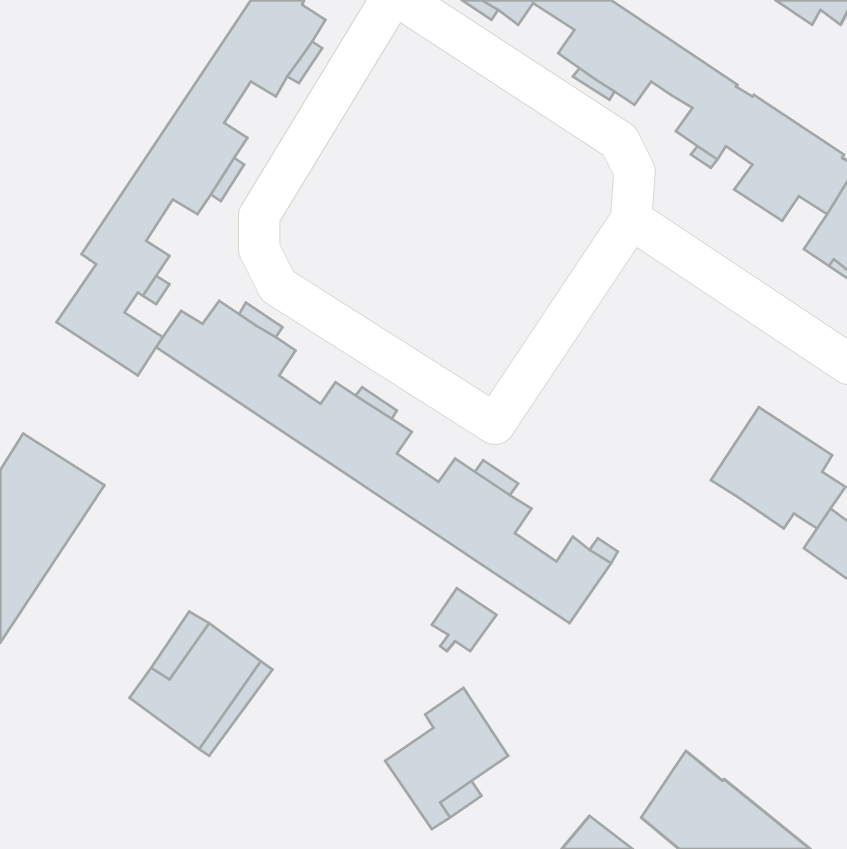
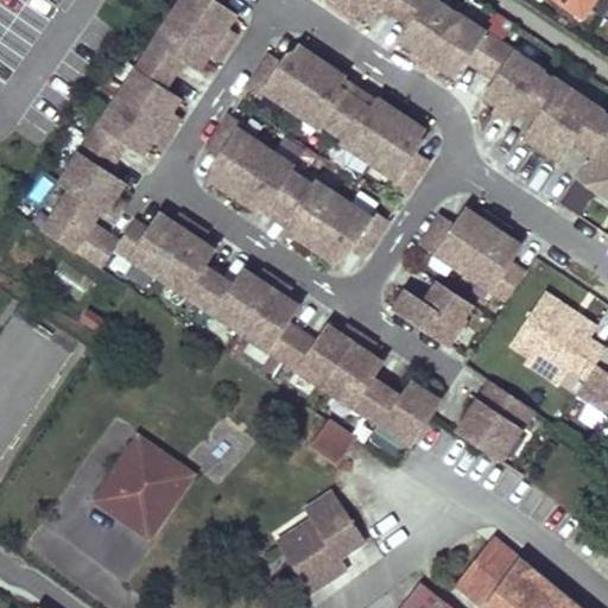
building: none -> [246,44,428,191]
building: none -> [205,115,386,262]
building: none -> [422,207,525,298]
building: none -> [394,283,471,344]
building: none -> [457,380,533,460]

